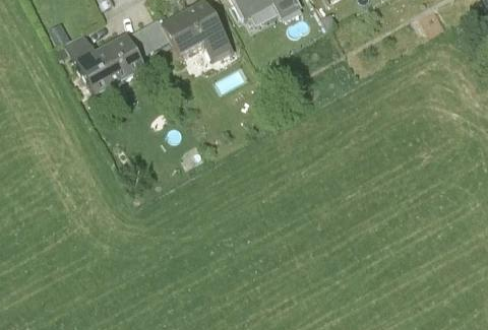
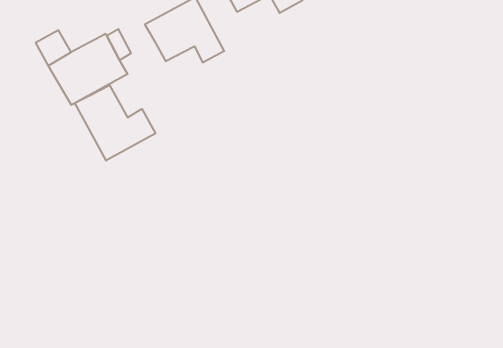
building: [138,20,170,52] -> none
building: none -> [75,85,155,161]

